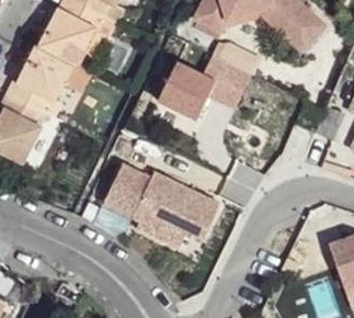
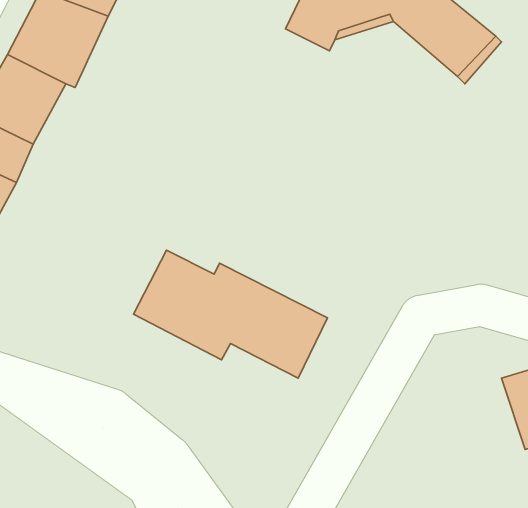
building: [168,49,263,126] -> none

